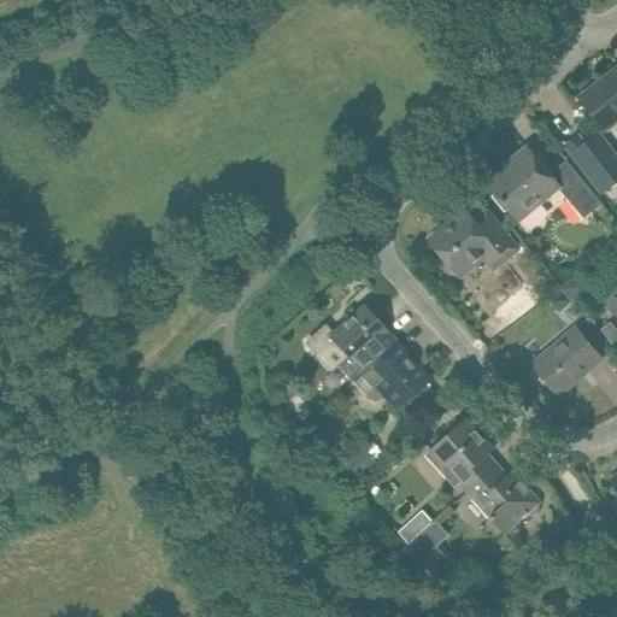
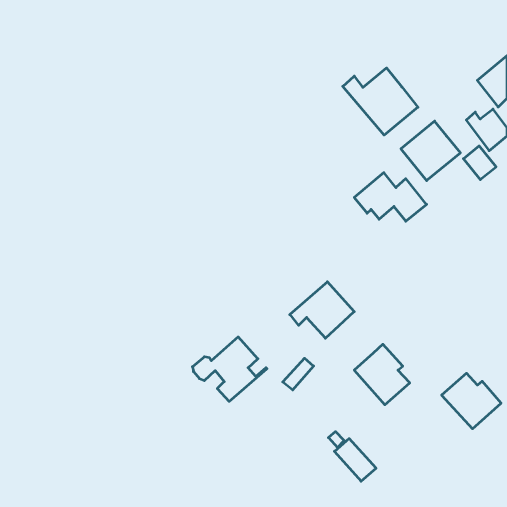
building: none -> [343,68,418,135]
building: [307,304,398,382] -> [192,337,267,401]
building: [531,327,603,395] -> none
building: [468,465,540,533] -> [442,373,501,429]

